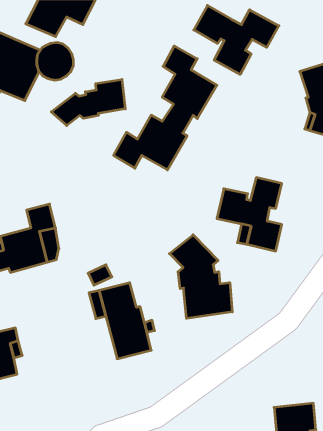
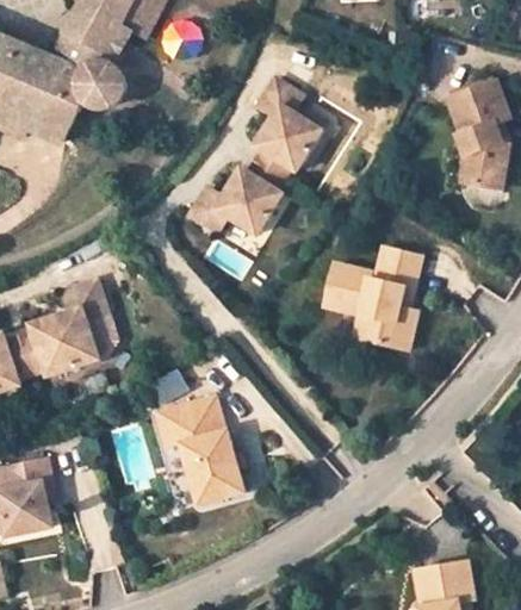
building: [194,5,279,74] -> none
building: none -> [51,33,106,70]
building: [51,79,125,126] -> none
building: [169,235,232,318] -> none

